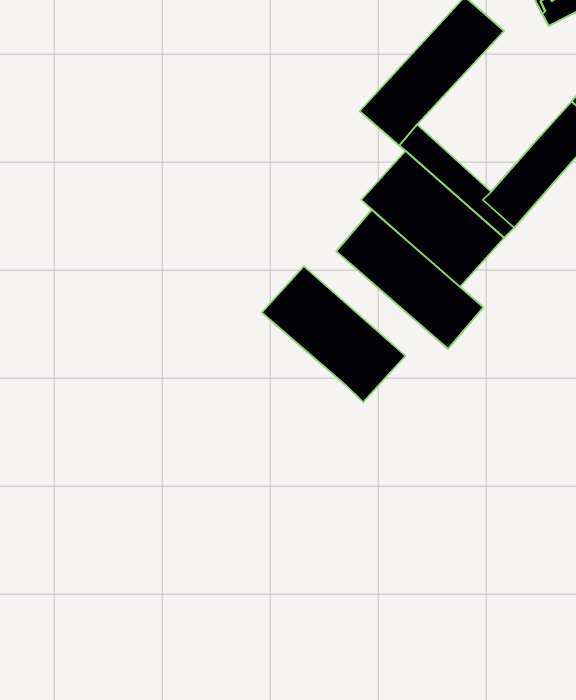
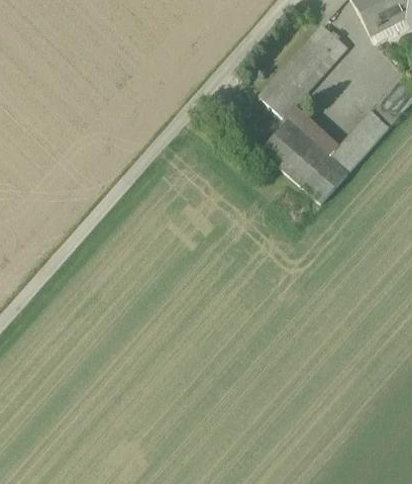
building: [336,210,483,349] -> none
building: [262,266,405,402] -> none

